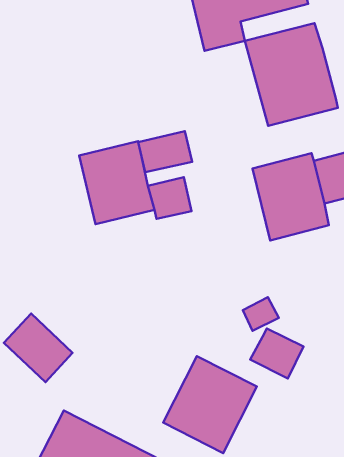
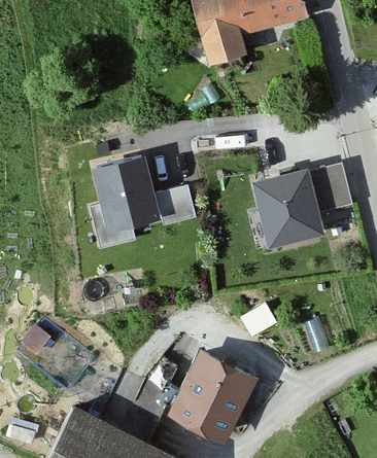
building: [245,23,338,126] -> none
building: [138,131,192,172] -> none
building: [250,329,304,379] -> none

